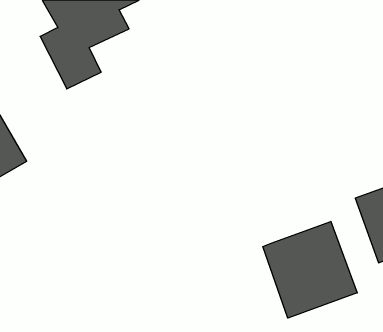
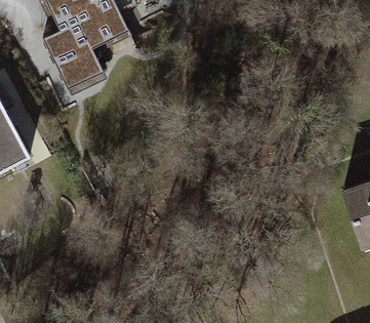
building: [263,221,357,318] -> none

